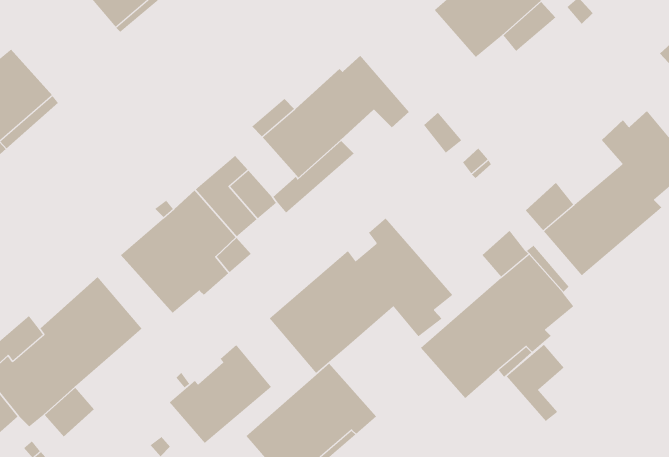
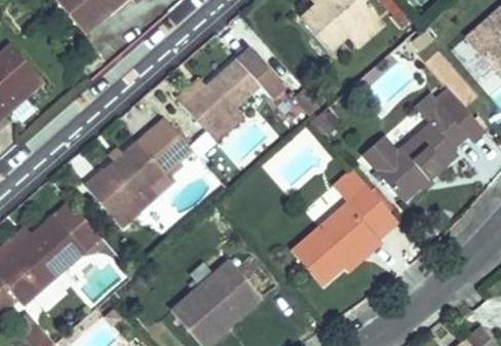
building: [269,217,453,374] -> none
building: [506,344,565,422] -> none
building: [169,344,272,444] -> none

